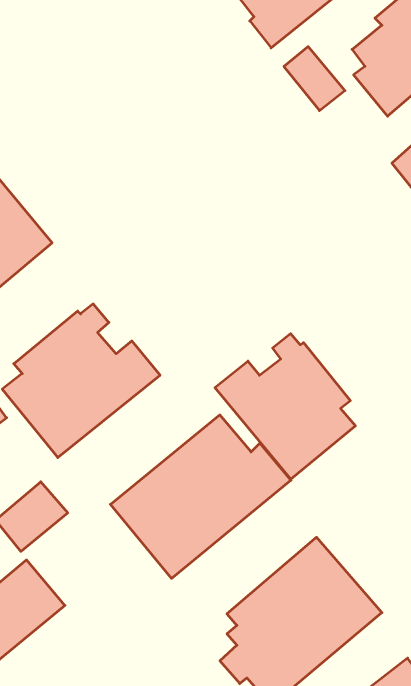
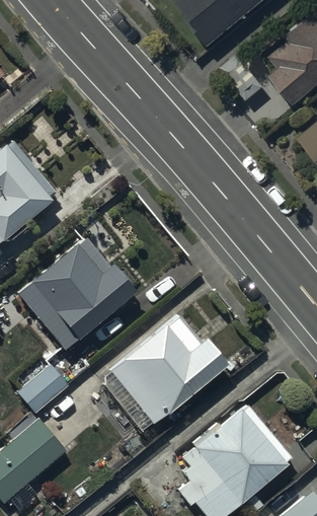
building: [215,334,355,479] -> none

